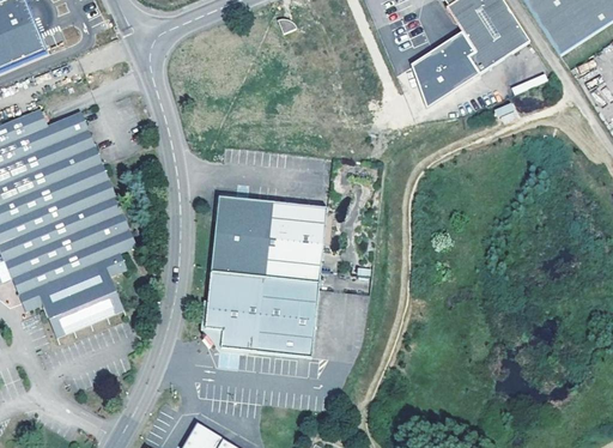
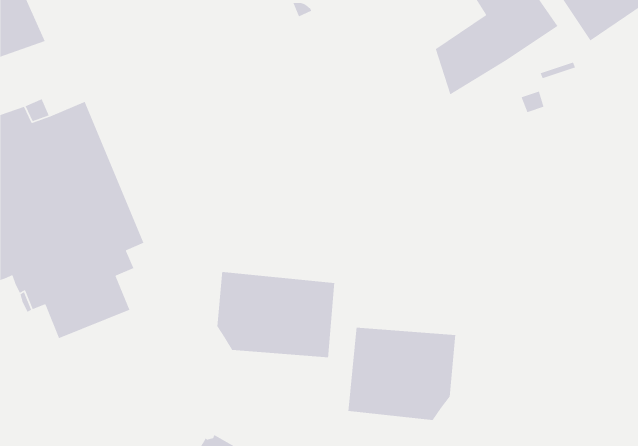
building: [211,198,324,283] -> none
building: none -> [348,327,456,421]

